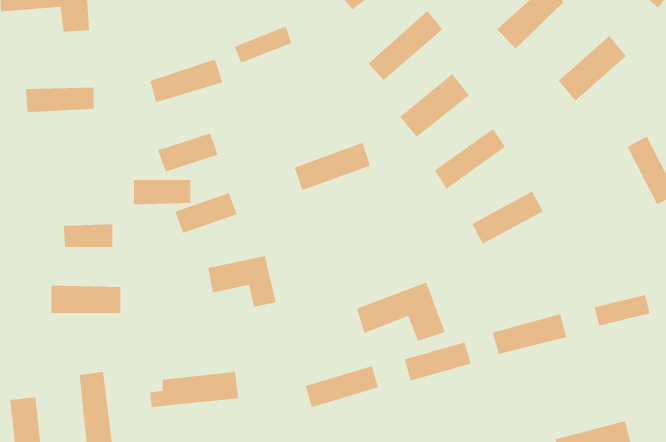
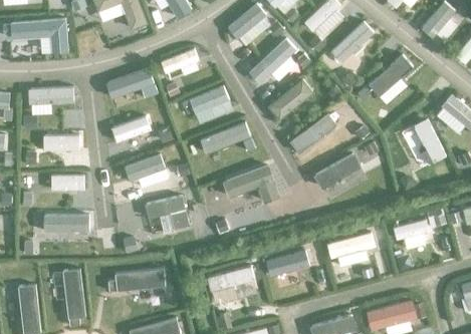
building: none -> [191,86,229,114]
building: [133,180,191,205] -> [43,136,80,152]
building: [356,282,446,342] -> [223,165,280,204]

